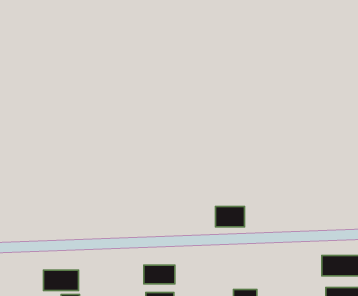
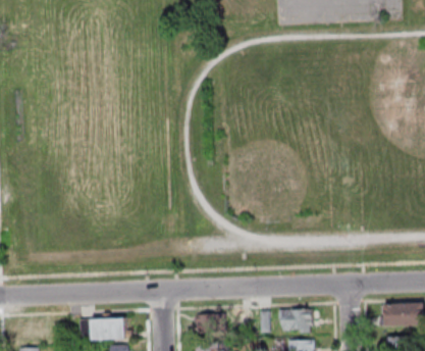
building: [215,207,245,227] -> [281,310,312,332]

